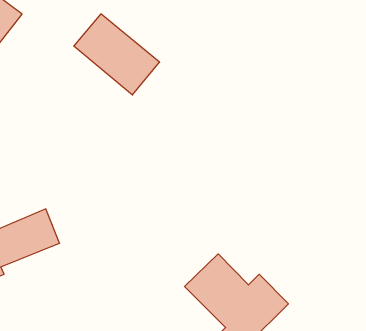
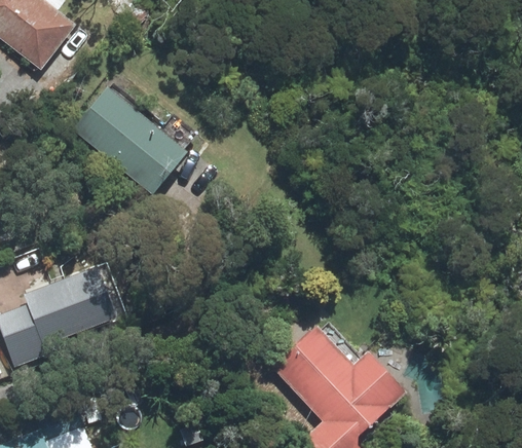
building: [74,14,160,95] -> [77,88,185,190]

